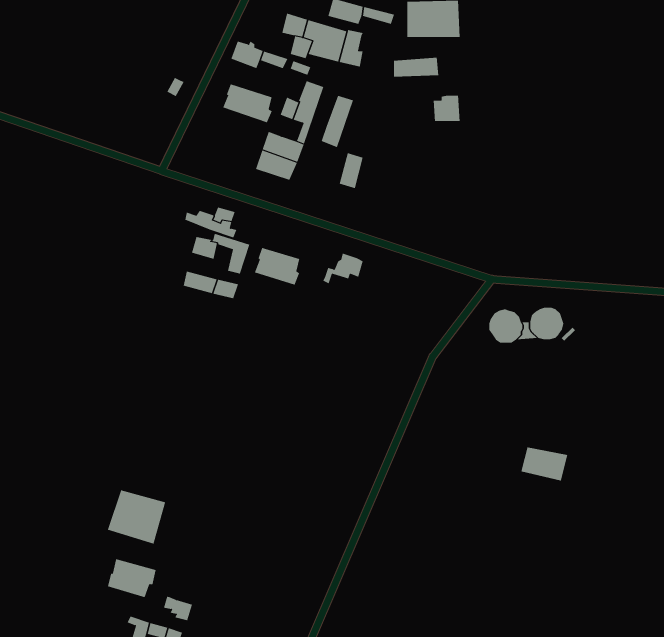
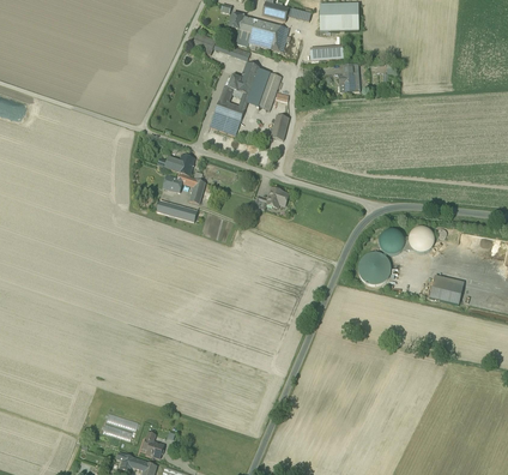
building: [222,83,272,123] -> none
building: [254,247,300,286] -> none
building: none -> [357,252,389,284]
building: [520,447,568,481] -> [428,278,462,303]
building: [107,489,166,545] -> none

